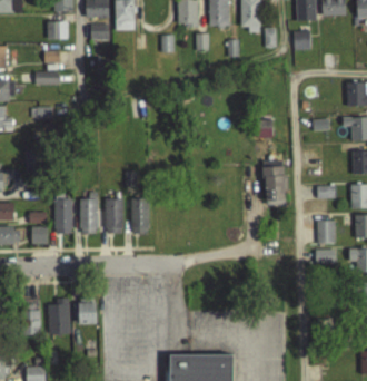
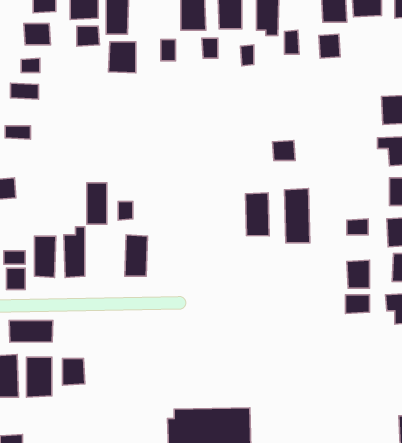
building: none -> [108,42,136,73]
building: none -> [246,193,269,236]
building: [107,198,123,233] -> [87,183,107,224]
building: none -> [9,320,53,342]

